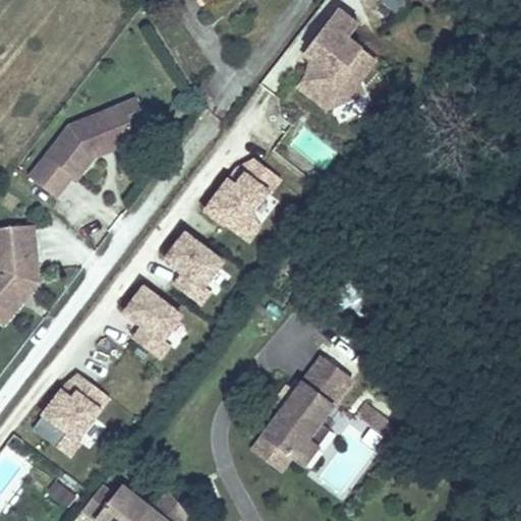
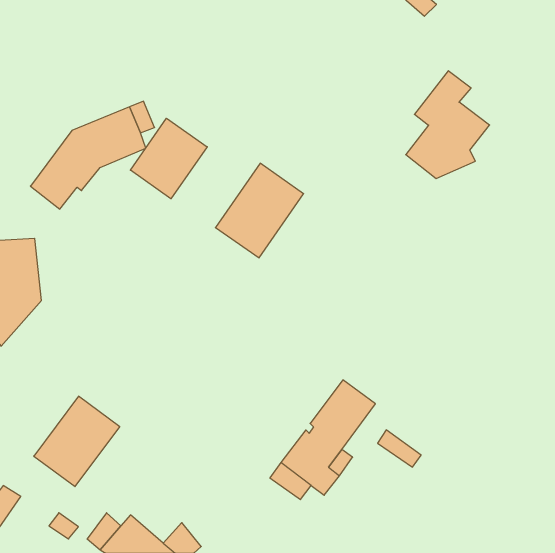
building: [295,9,373,110] -> [406,71,490,178]
building: none -> [130,118,207,199]
building: [161,232,228,306] -> none
building: [112,283,190,358] -> none

